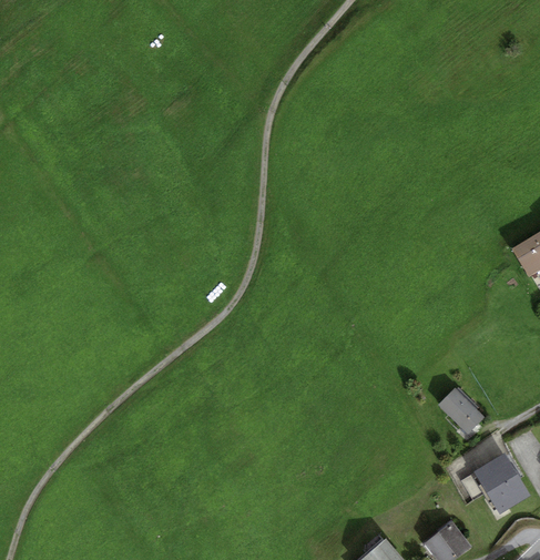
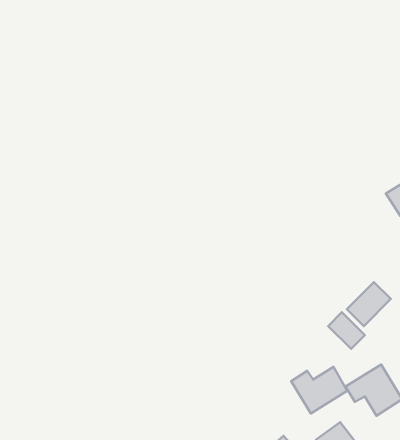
building: none -> [347,282,391,326]
building: none -> [291,367,347,413]

